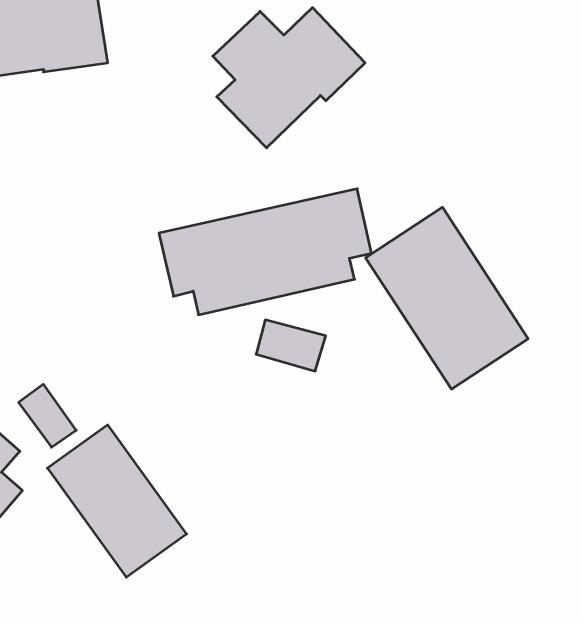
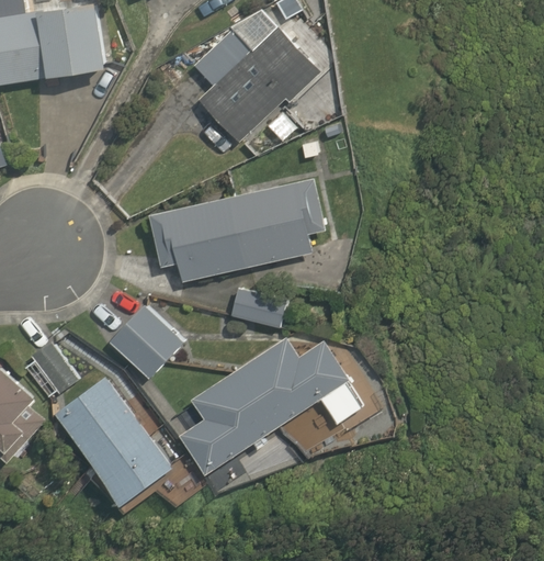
building: [366,207,528,389] -> none
building: none -> [107,306,183,380]
building: none -> [178,338,361,476]

